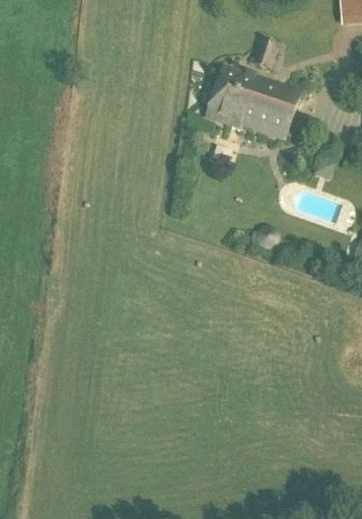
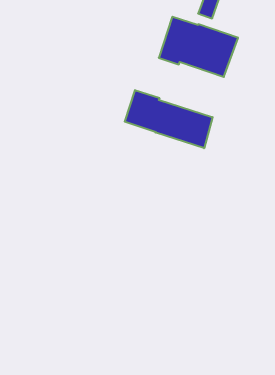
building: none -> [125,90,213,148]

